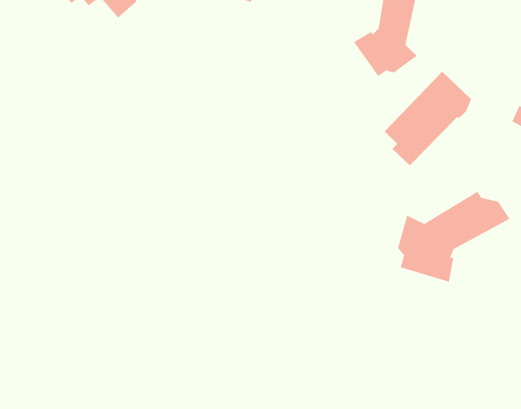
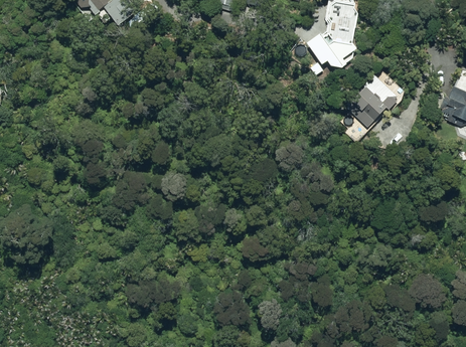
building: [397,191,510,283] -> none

